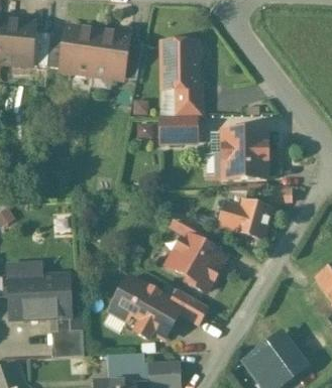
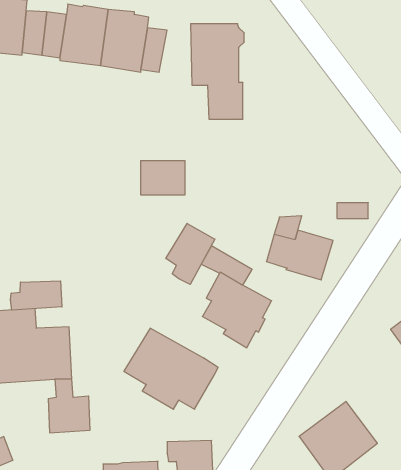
building: [160,115,195,141] -> [141,161,185,195]
building: [222,130,265,177] -> none
building: none -> [166,223,215,284]
building: none -> [11,281,62,310]
building: [171,289,208,324] -> none
building: [106,353,142,380] -> none

